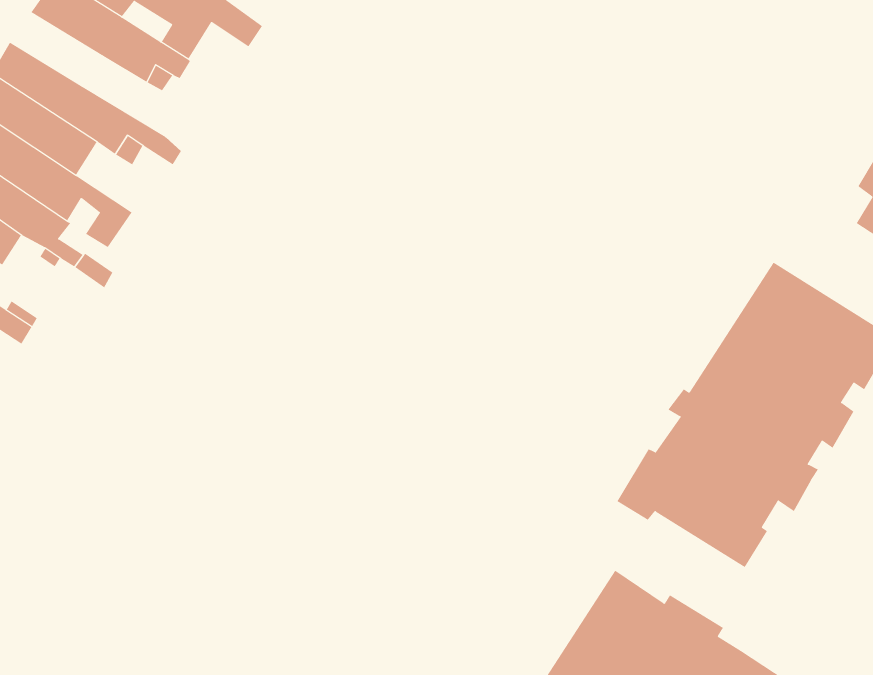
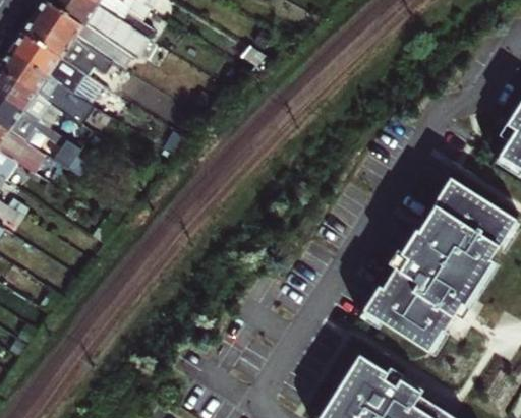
building: none -> [10,34,64,76]

